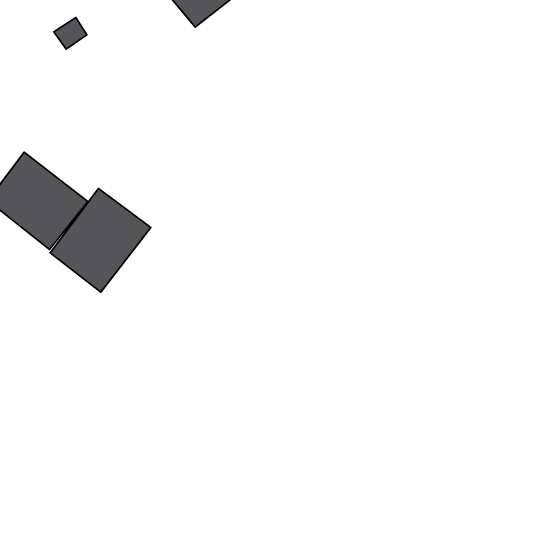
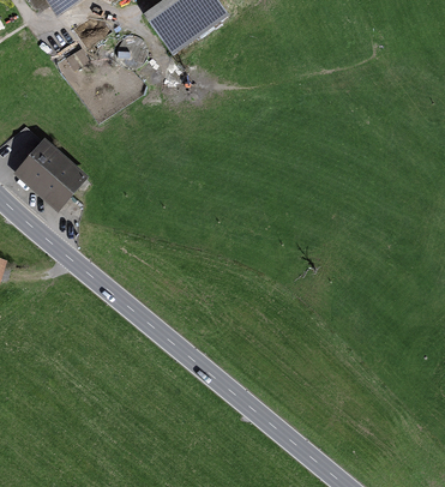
building: [50,188,151,292] -> none

